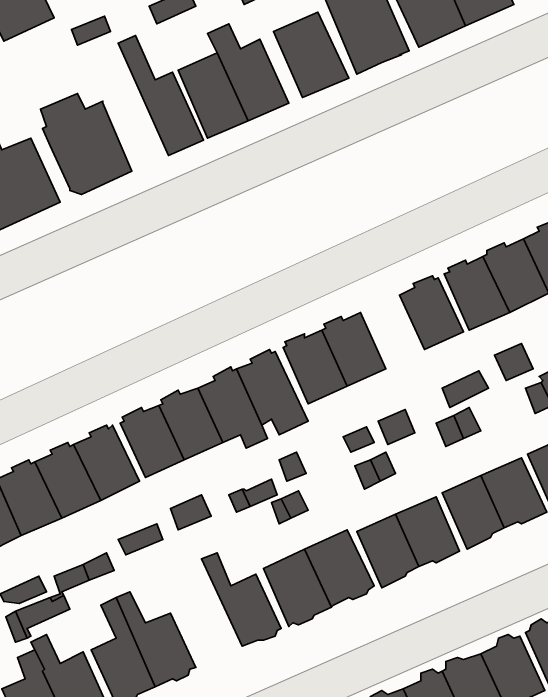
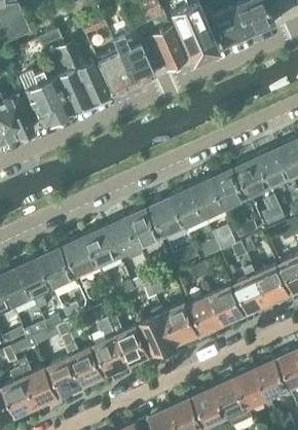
building: none -> [54,45,90,113]
building: none -> [192,178,226,218]
building: none -> [95,319,129,375]

